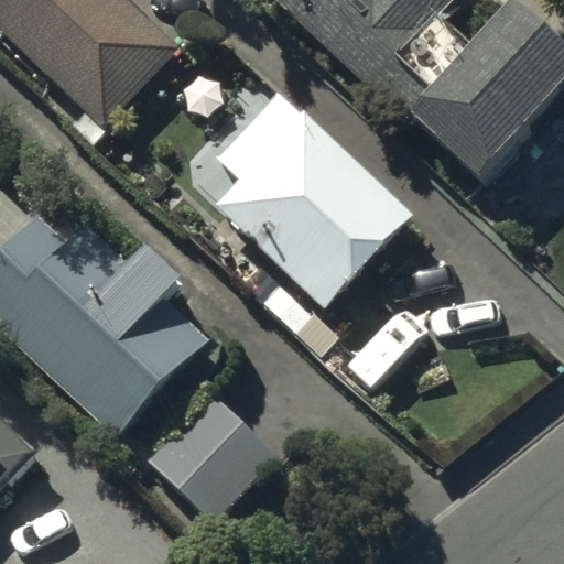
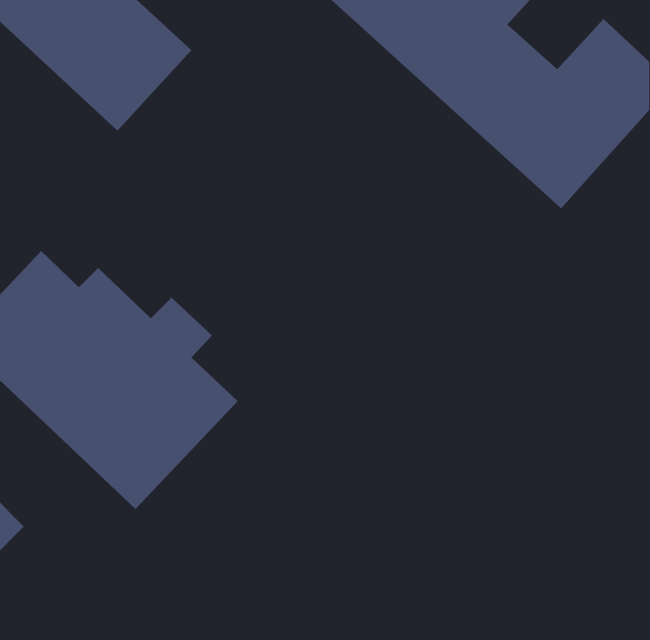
building: [215,91,411,305] -> none
building: [152,393,276,517] -> none

